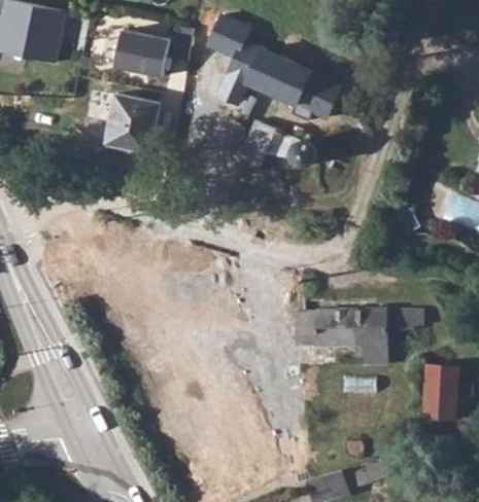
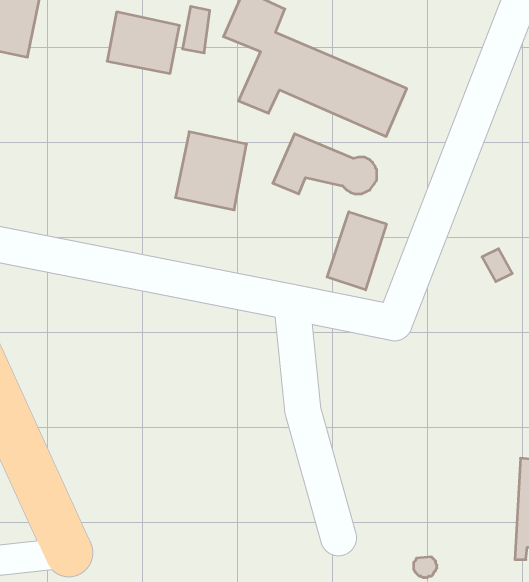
building: [106,93,160,151] -> [175,132,247,210]
building: none -> [327,212,386,290]
building: [297,308,423,363] -> none

